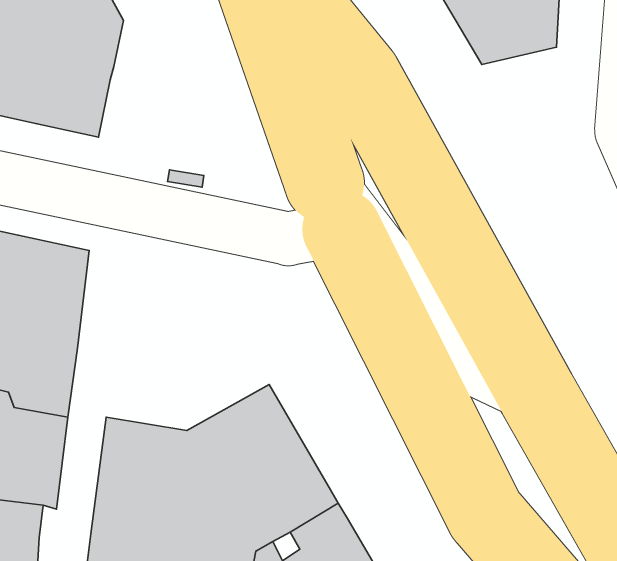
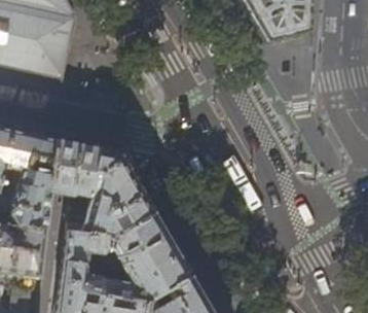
building: none -> [50,139,153,236]

